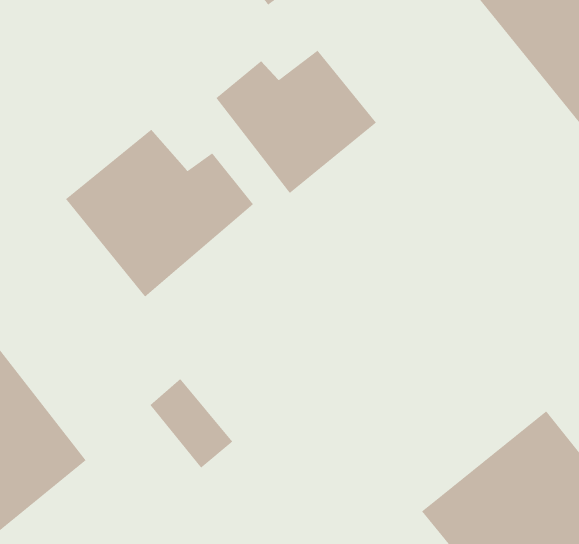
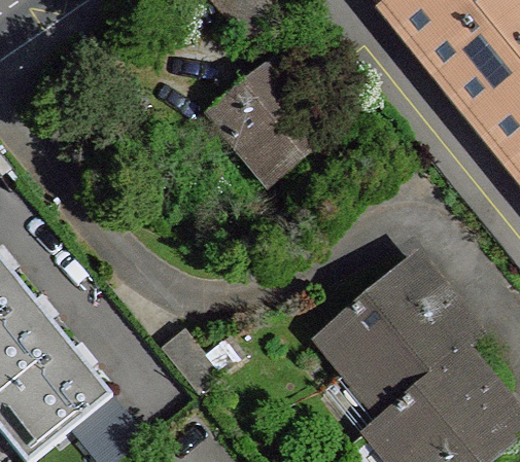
building: [65,129,254,297] -> none
building: none -> [318,261,480,419]

